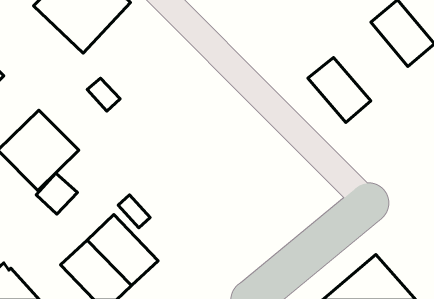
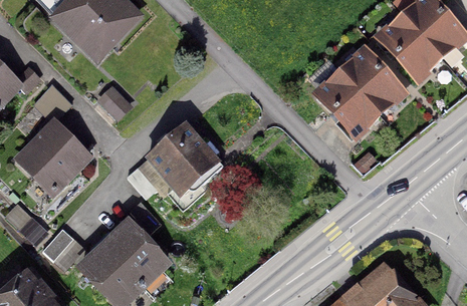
building: none -> [341,46,403,109]
building: none -> [147,135,216,204]
building: [36,173,77,214] -> [45,231,85,271]

